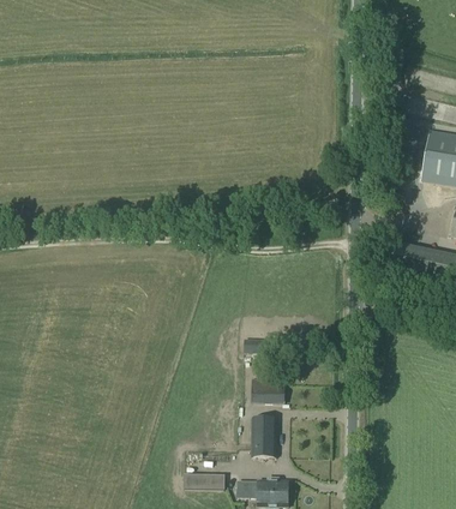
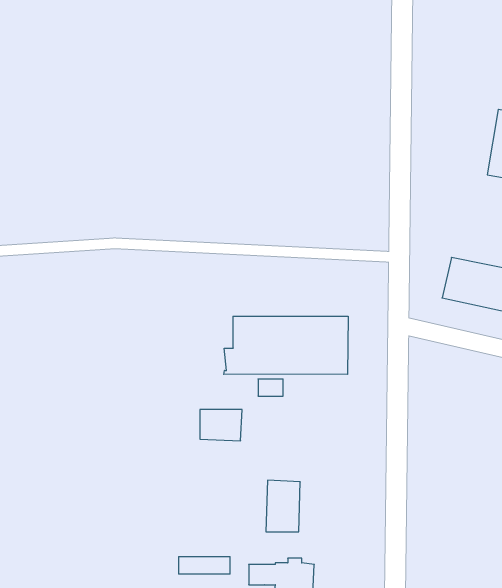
building: none -> [224,316,348,374]
building: [252,378,284,402] -> [200,410,242,441]

